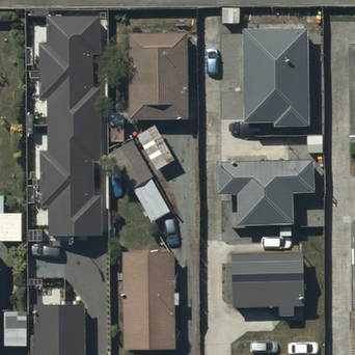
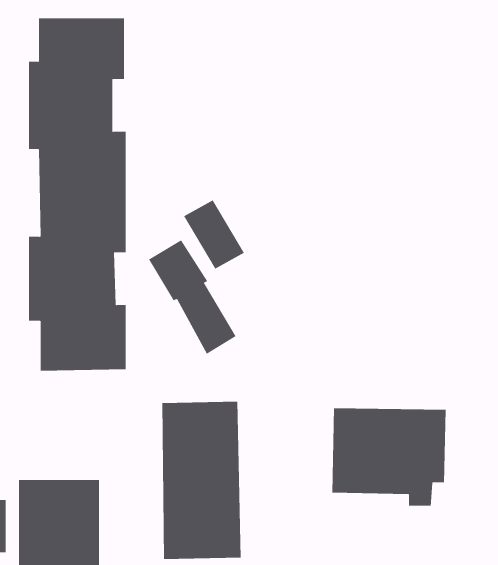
building: [244,30,308,128] -> none
building: [128,32,187,119] -> none
building: [217,160,315,224] -> none

